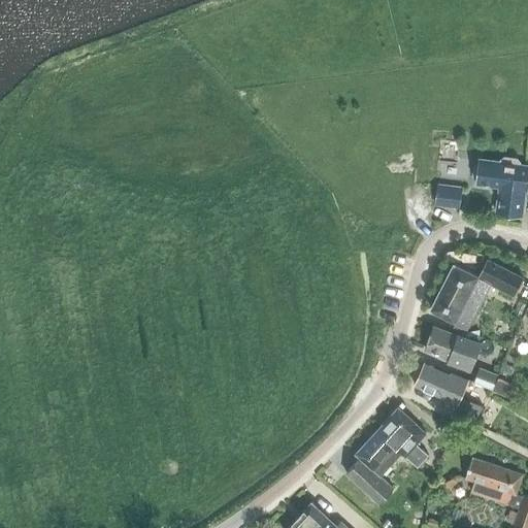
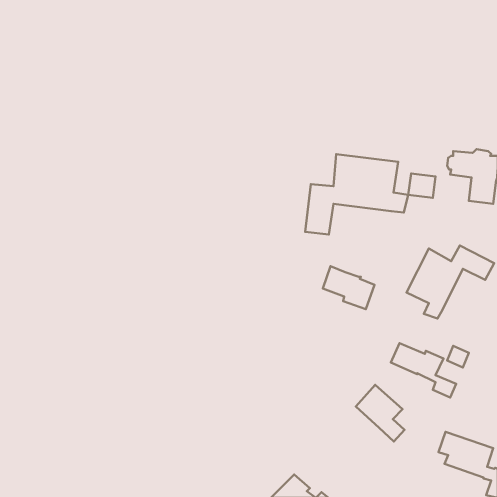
building: none -> [305,154,408,234]
building: [426,327,481,372] -> [323,266,374,309]
building: [346,431,402,505] -> none

